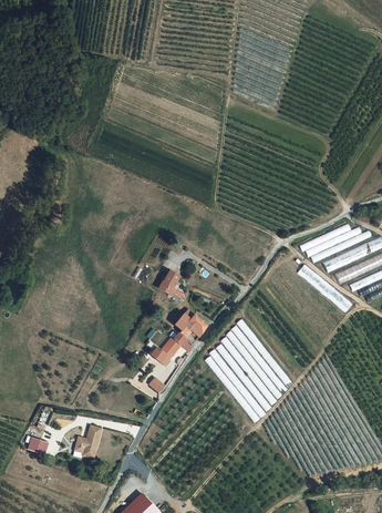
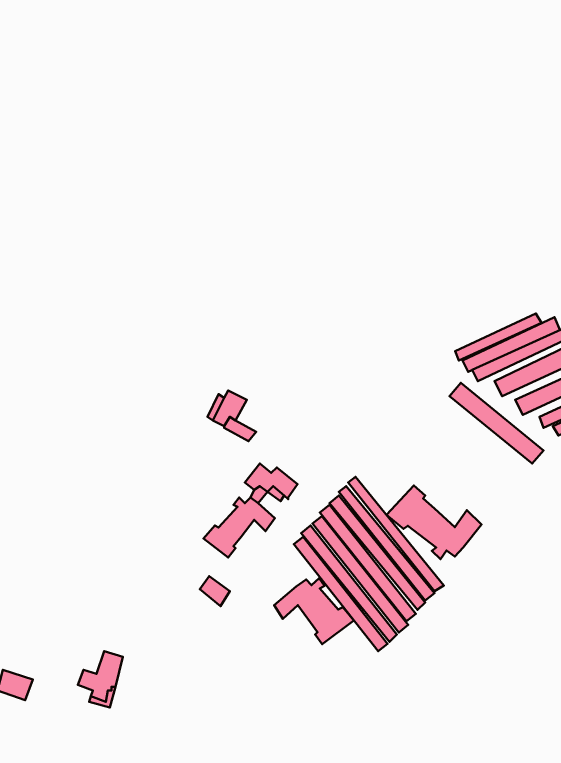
building: none -> [387,485,481,559]
building: none -> [274,578,354,644]

